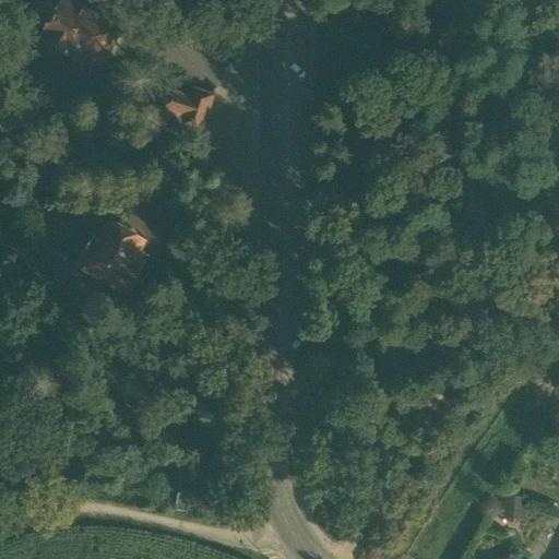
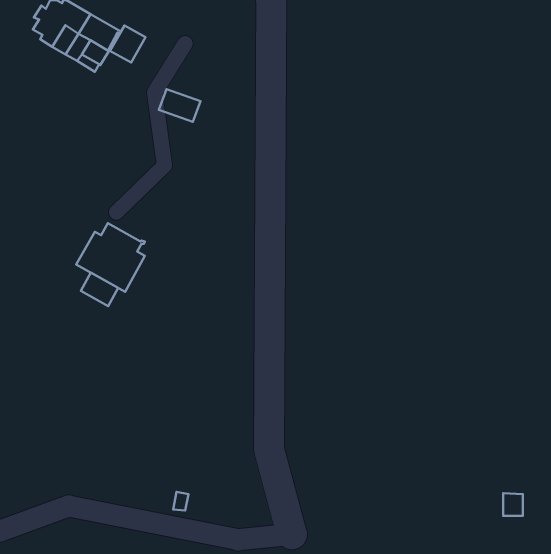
building: none -> [110,25,146,63]
building: none -> [81,273,118,306]

